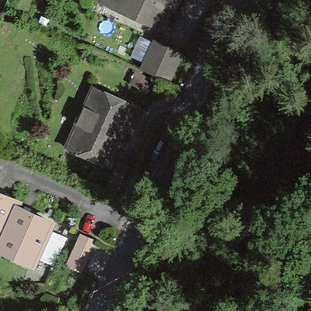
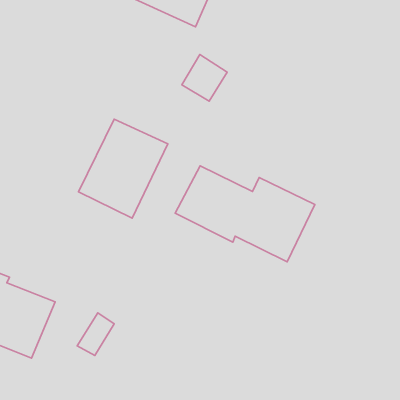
building: none -> [175,166,315,262]

